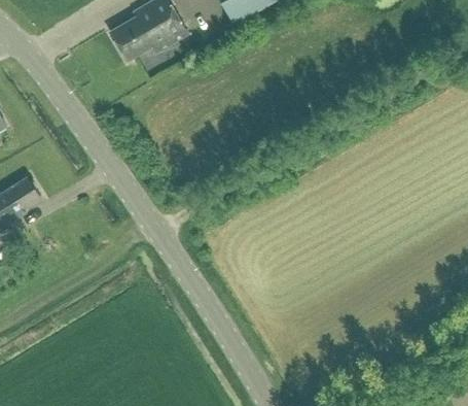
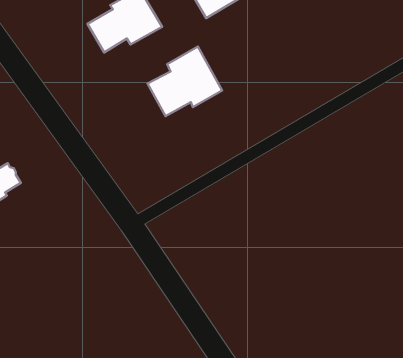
building: none -> [147,47,222,116]

